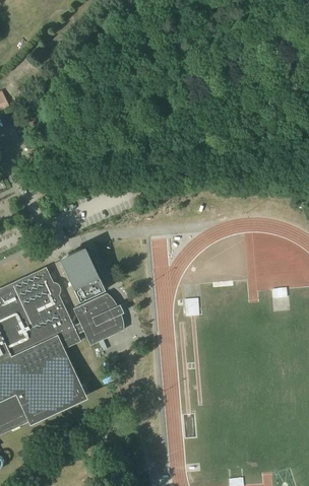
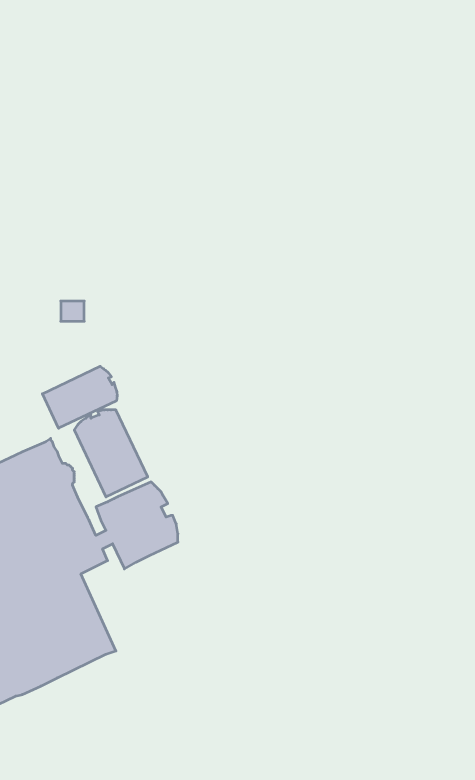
building: none -> [42,366,117,428]

